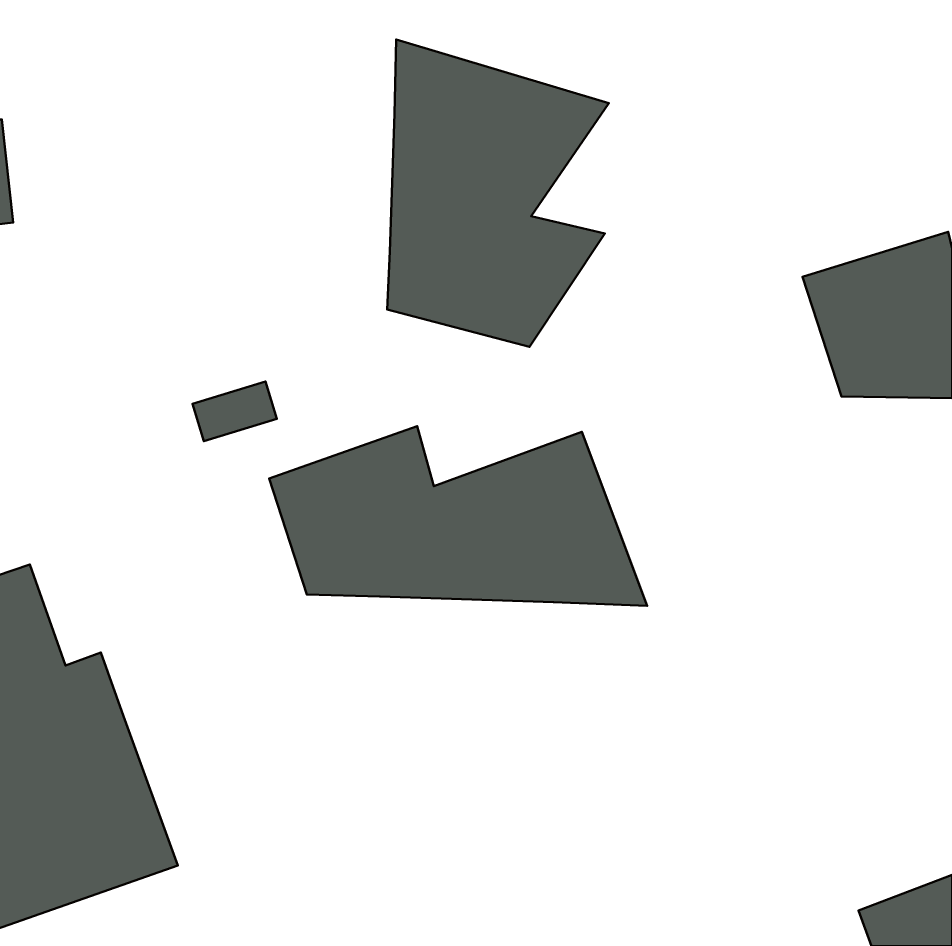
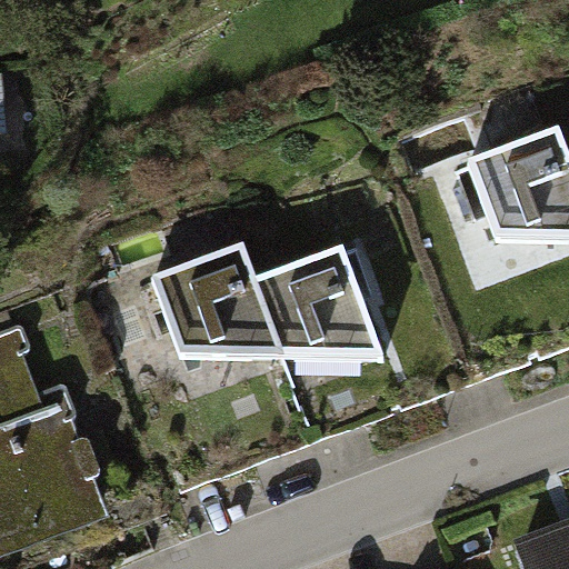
building: [387,40,609,347] -> none

